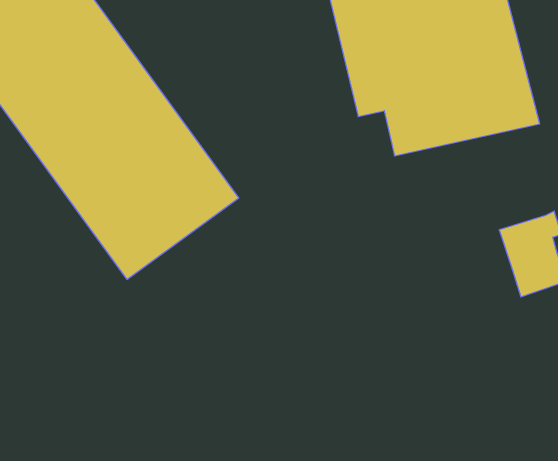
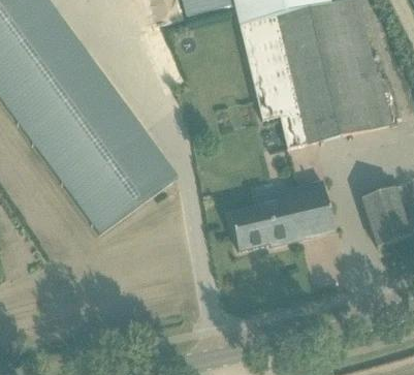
building: none -> [229,178,335,250]

